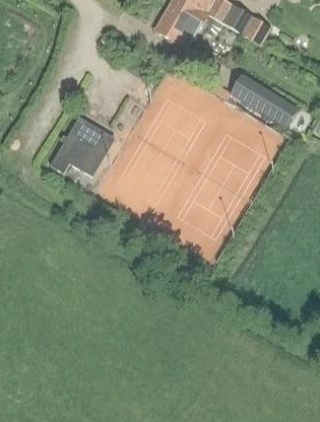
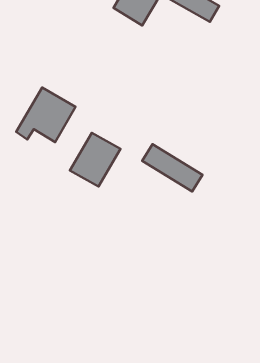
building: [232,74,298,126] -> [142,144,202,191]
building: none -> [70,133,121,187]

